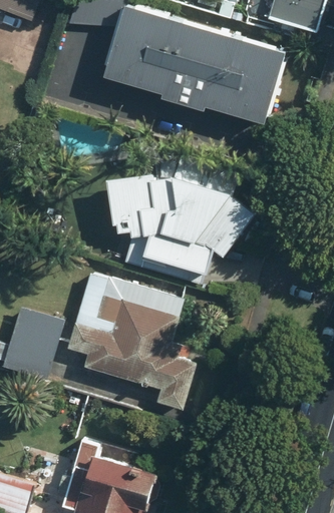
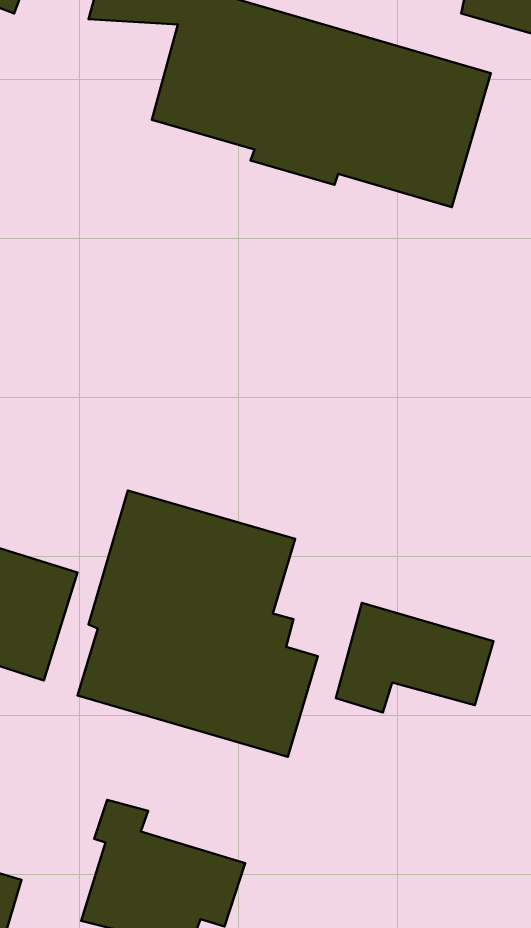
building: [108,166,255,285] -> none
building: none -> [336,603,493,713]

